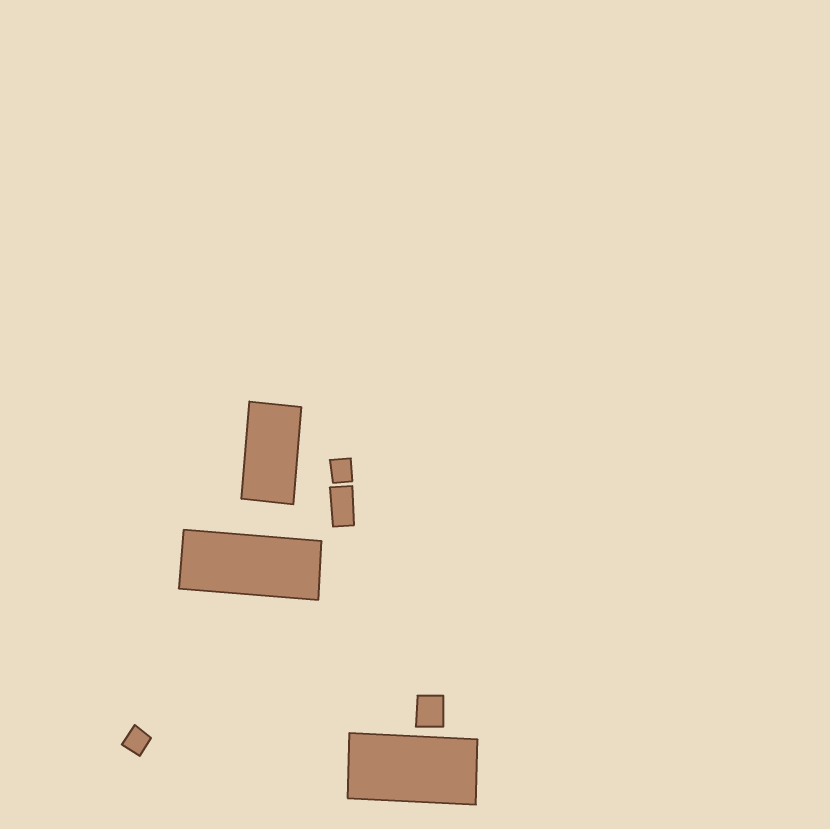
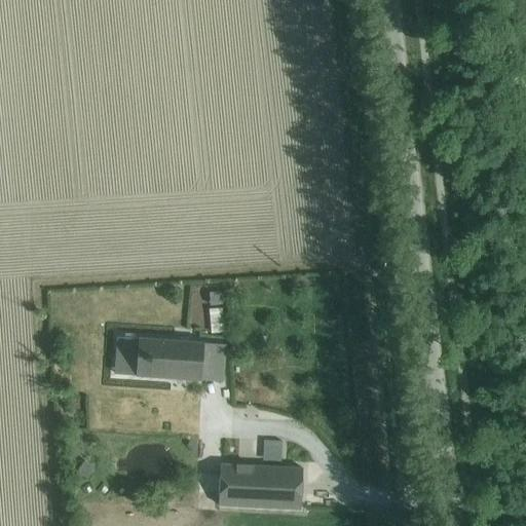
building: [242,401,301,504] -> none
building: none -> [201,342,224,380]

